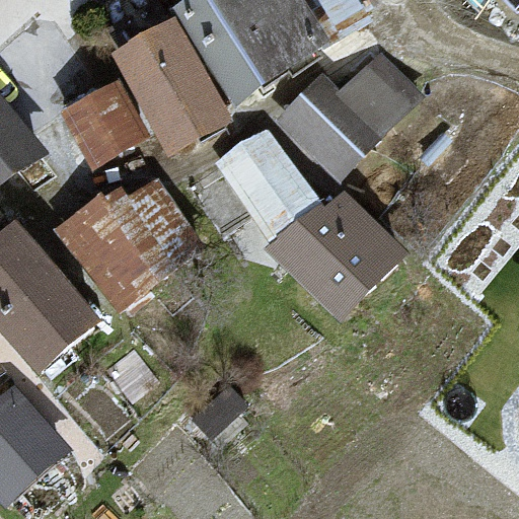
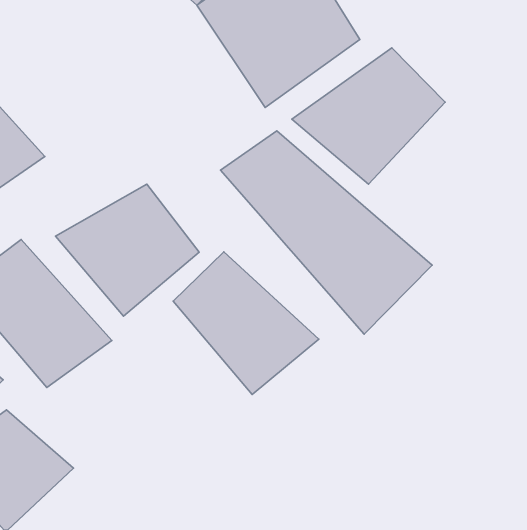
building: [57,17,247,162] -> none
building: none -> [173,252,319,394]

